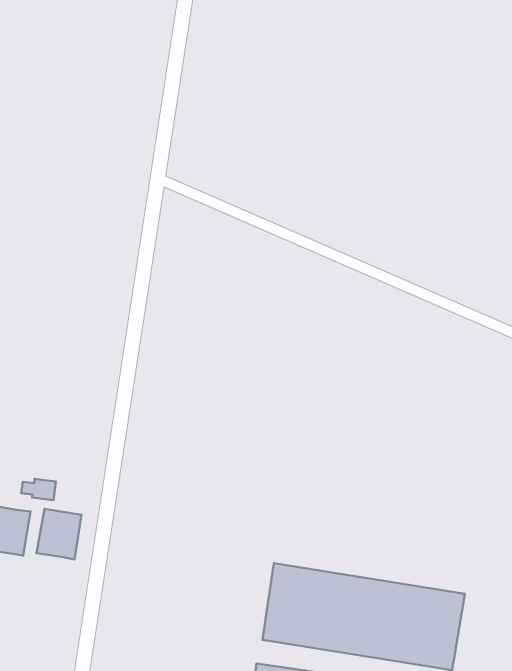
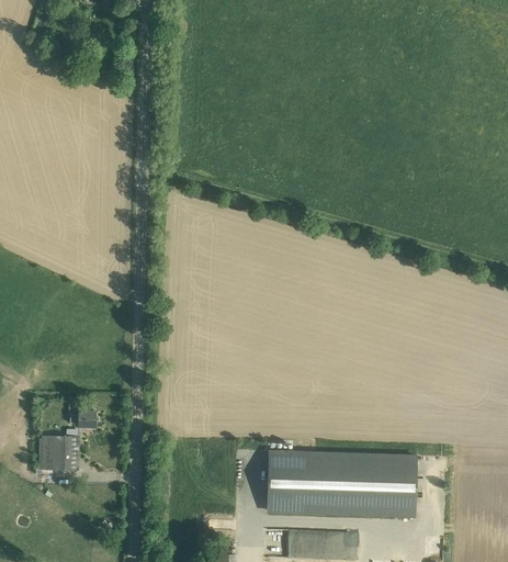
building: [36,509,82,559] -> none

